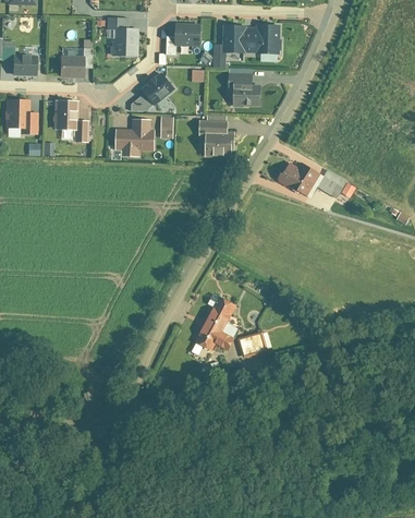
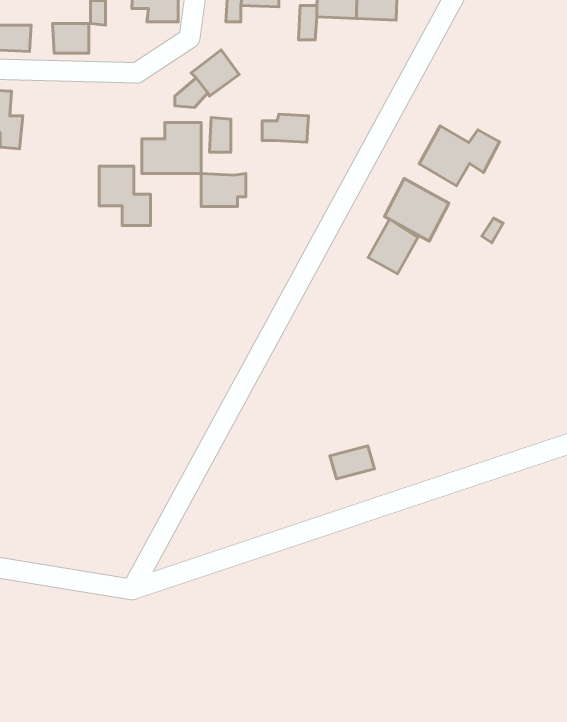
building: [228,81,260,107] -> none
building: [53,103,87,142] -> [99,166,150,225]
building: none -> [419,126,500,186]
building: [202,132,231,154] -> [201,174,246,207]
building: none -> [368,219,418,274]
building: [195,293,233,349] -> none

